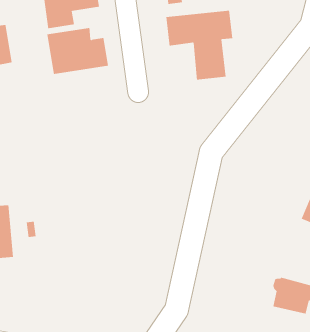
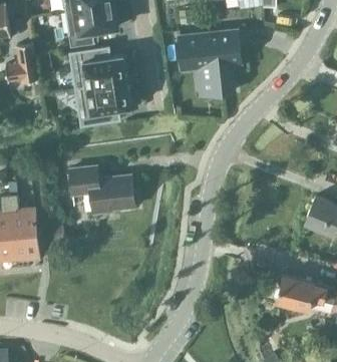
building: none -> [75,81,130,125]
building: none -> [68,165,134,214]

